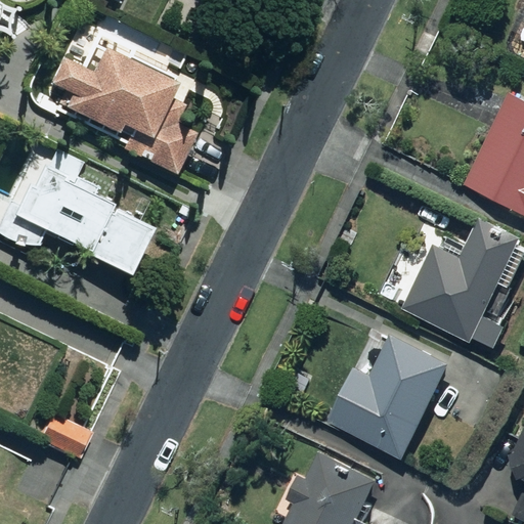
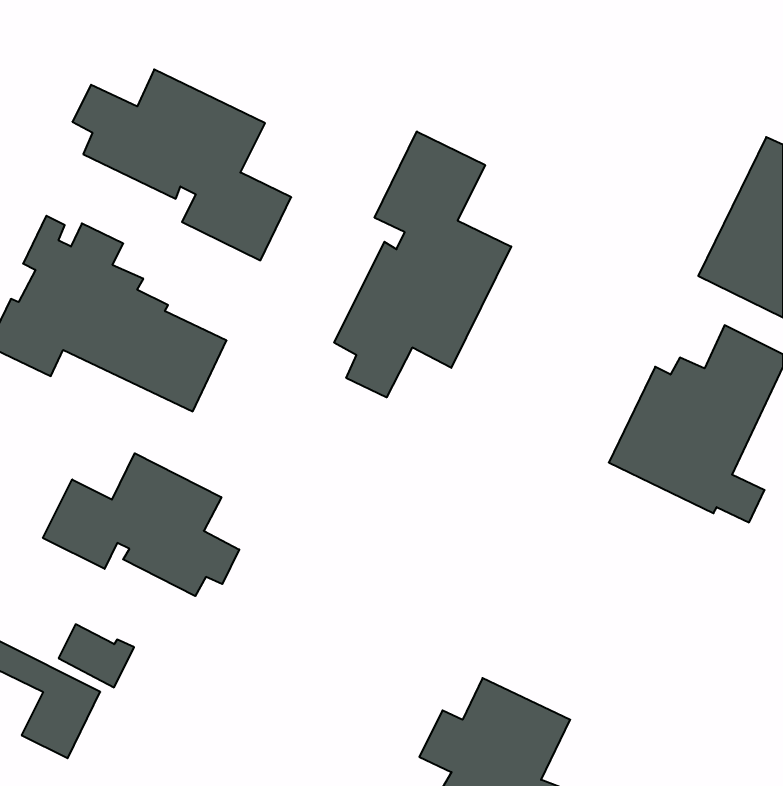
building: none -> [334,131,511,397]
building: none -> [43,453,239,596]
building: [344,335,452,460] -> none

